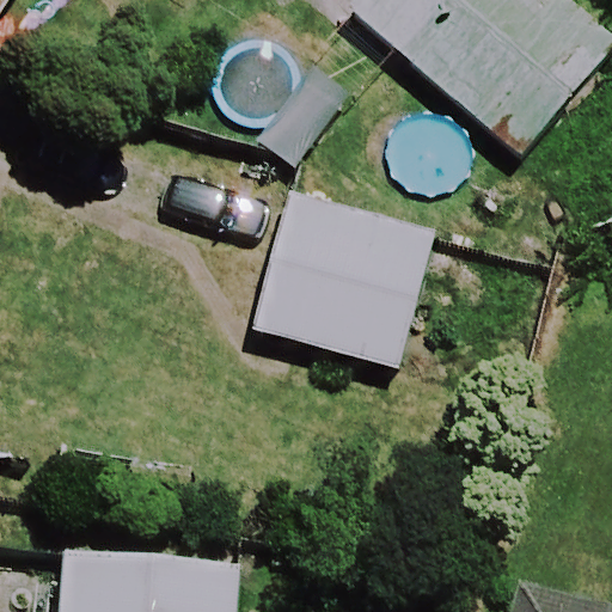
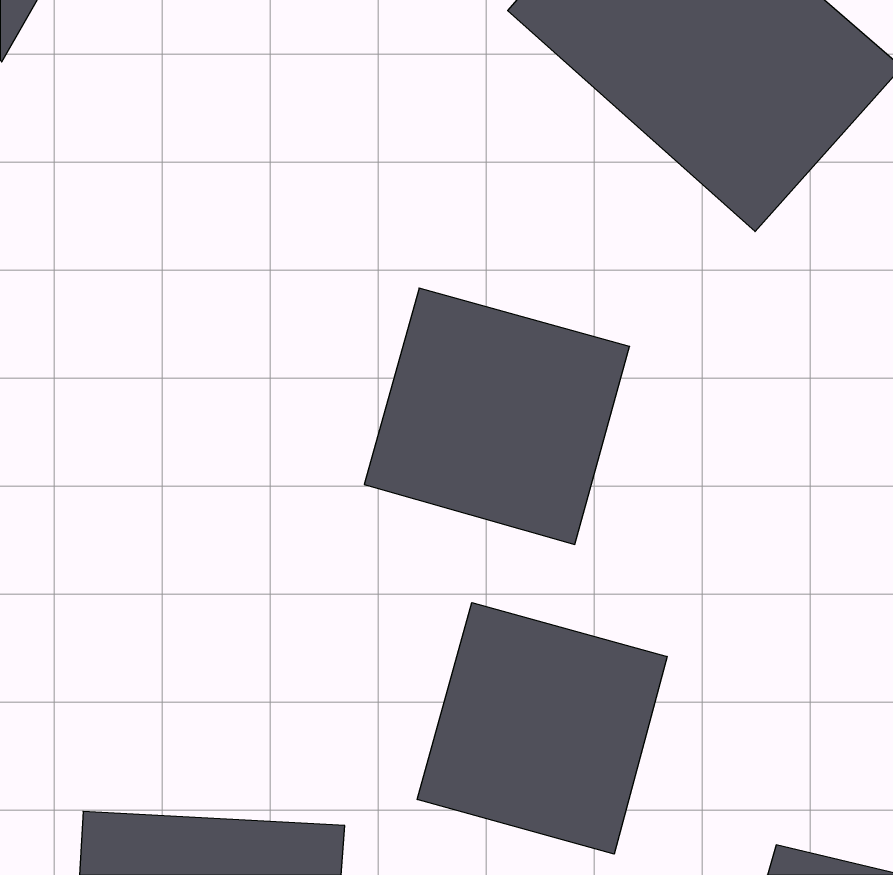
building: none -> [417,603,667,854]

